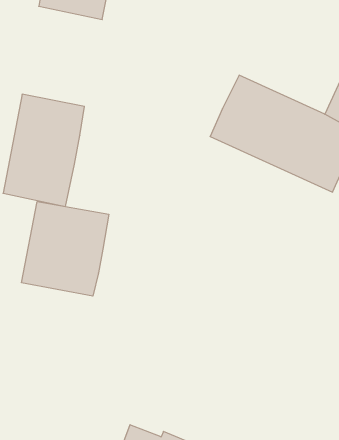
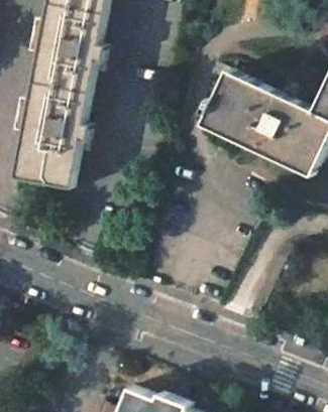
building: none -> [32,8,105,99]
building: [22,202,109,296] -> none

